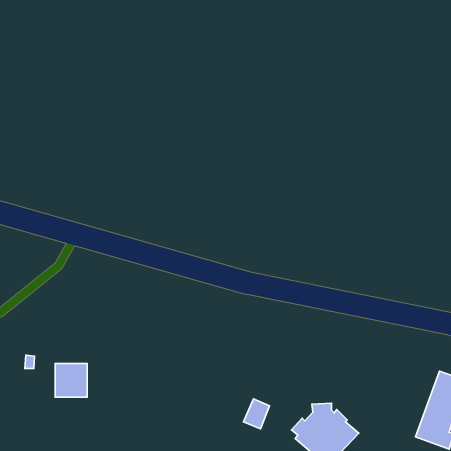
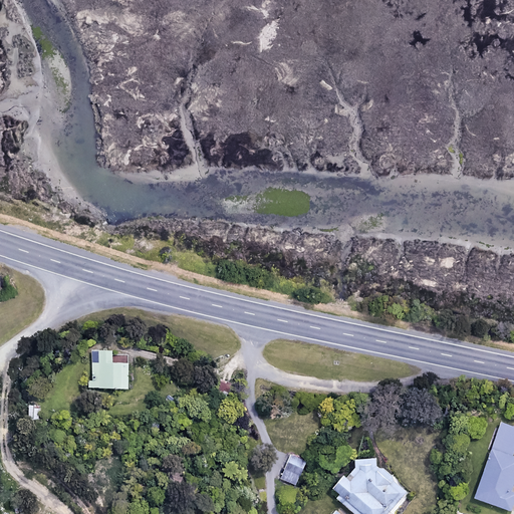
building: [55,364,87,397] -> [93,351,130,390]

